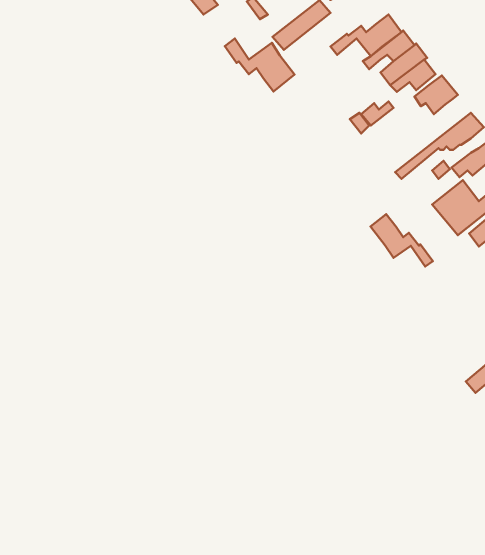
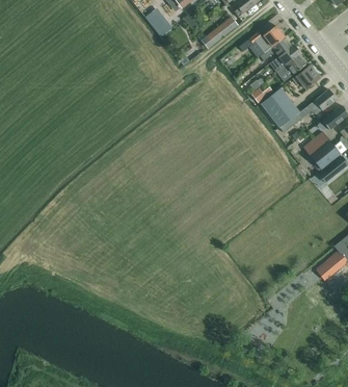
building: [225,39,295,91] -> none
building: none -> [262,88,300,128]
building: [371,214,433,267] -> none

